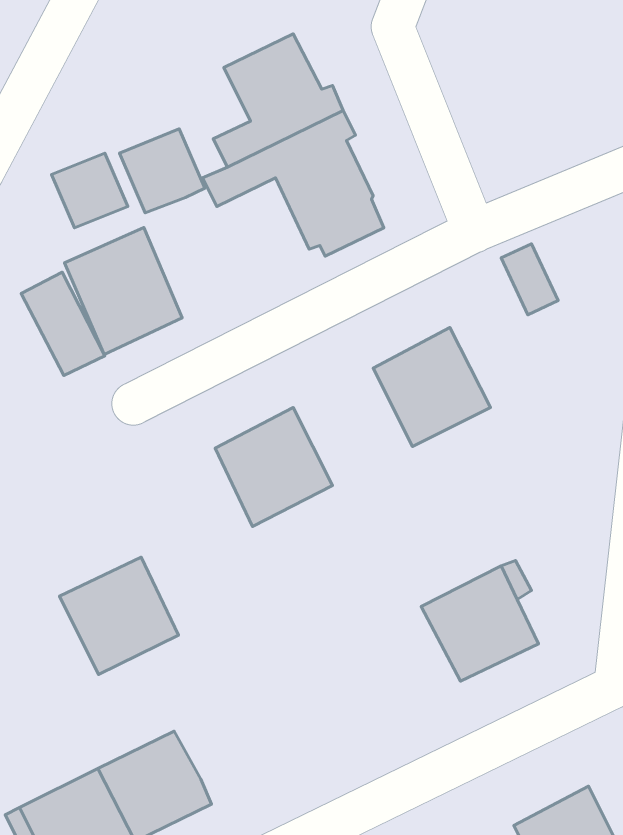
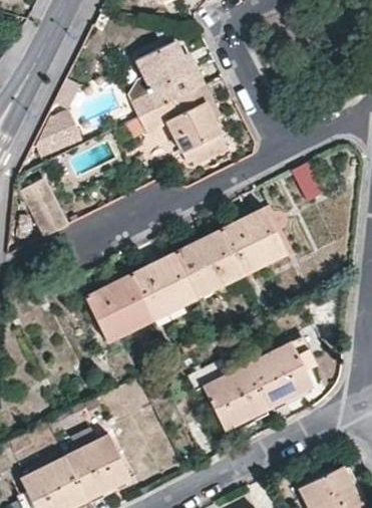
building: [119,129,205,213] -> none
building: [65,228,182,355] -> none
building: none -> [175,230,243,296]
building: [60,557,179,674] -> [85,275,152,341]
building: none -> [204,364,270,429]

